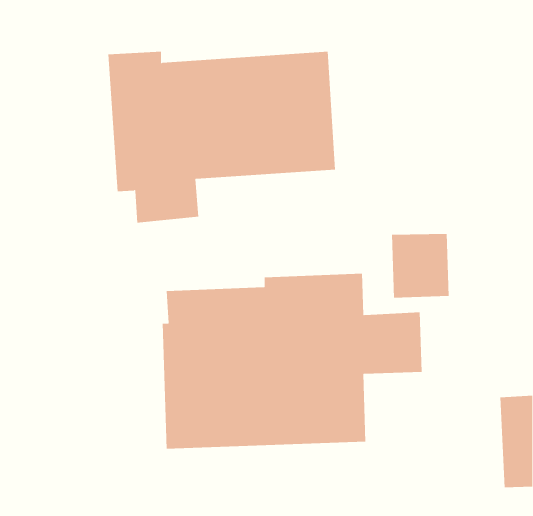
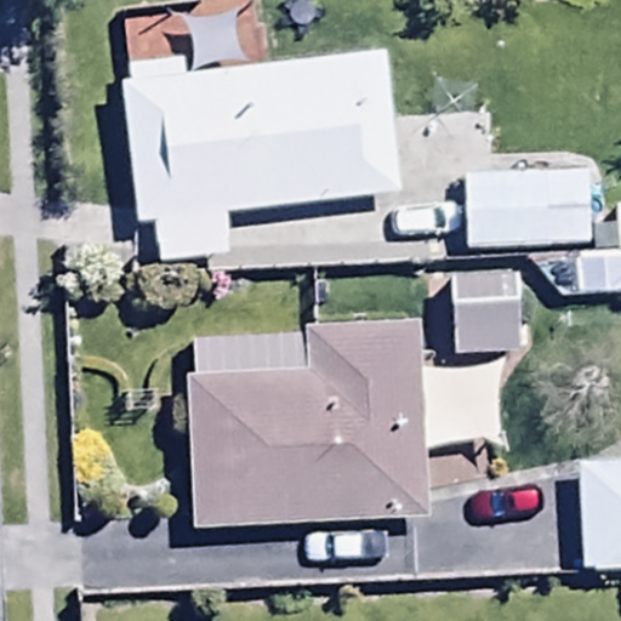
building: none -> [465,172,592,244]

